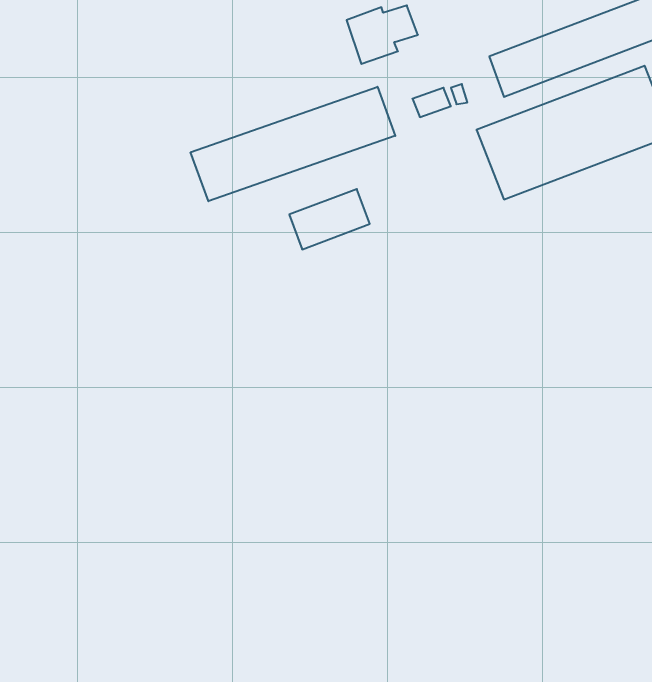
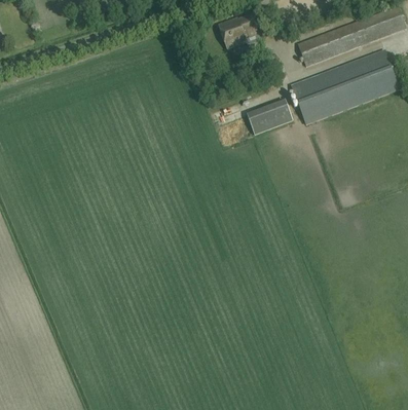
building: [191,87,395,201] -> none
building: [289,189,370,249] -> [248,100,293,134]

